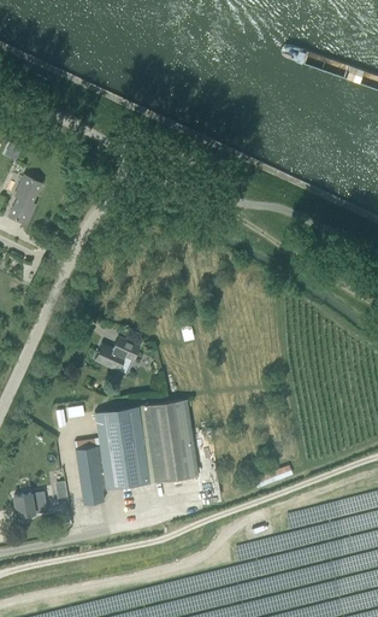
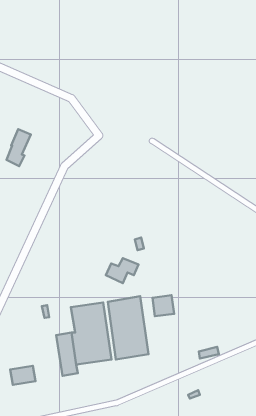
building: [96,337,140,371] -> [106,258,138,283]
building: none -> [152,295,174,316]

